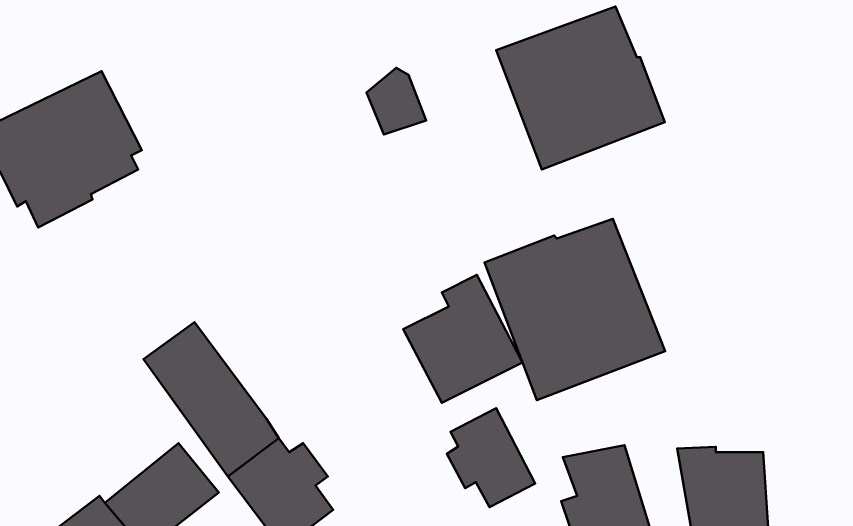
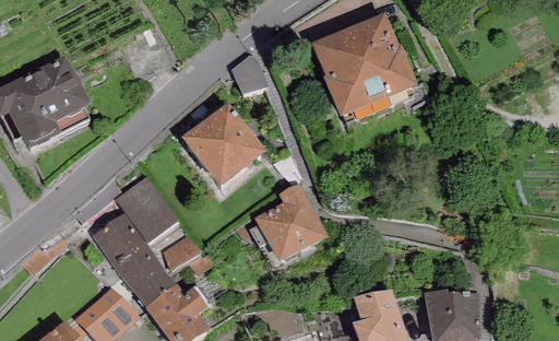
building: none -> [181,104,266,188]
building: [485,219,665,400] -> none
building: none -> [115,175,200,272]
building: [447,408,535,507] -> none

